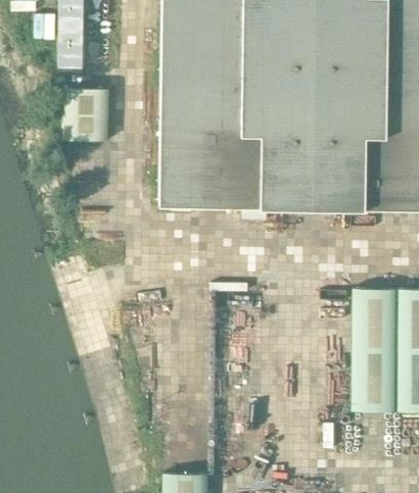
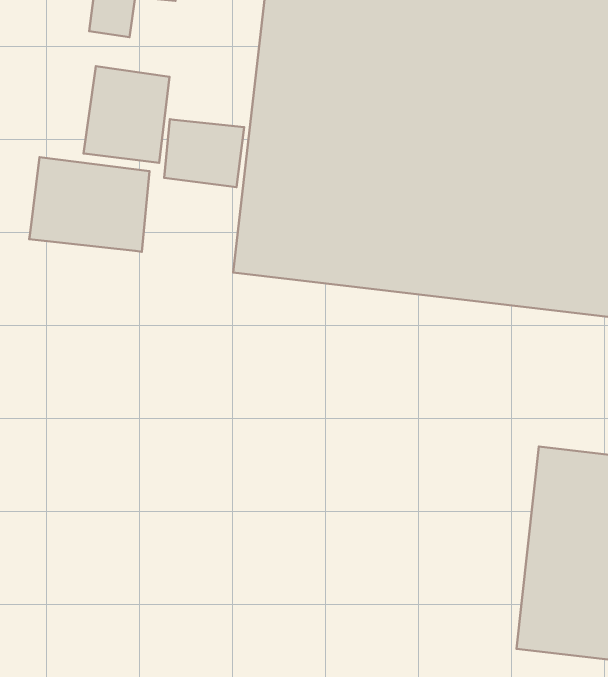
building: none -> [164,119,244,187]
building: none -> [29,157,149,252]

